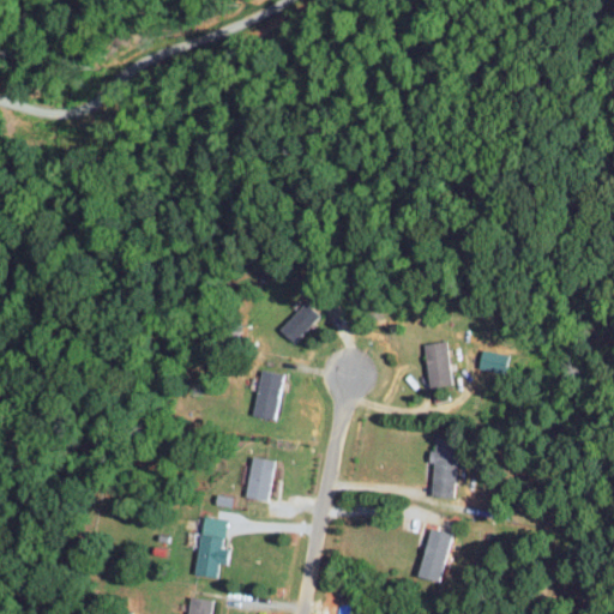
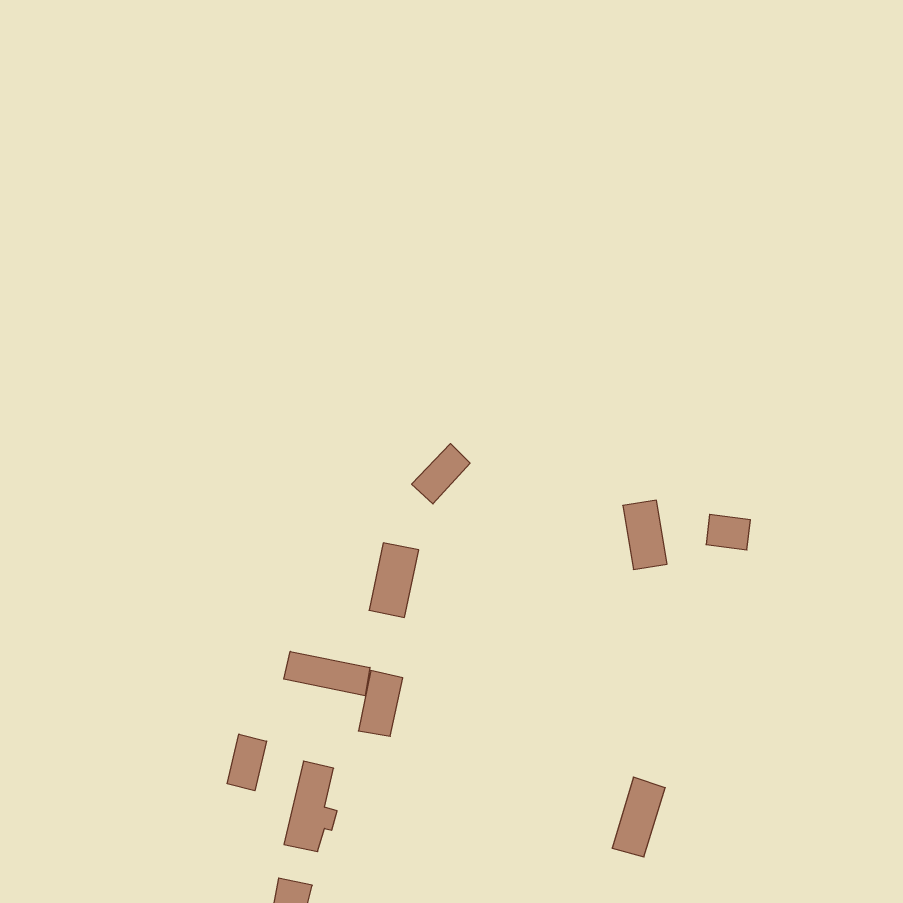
building: none -> [284,651,370,696]
building: [432,455,460,499] -> none
building: none -> [227,734,267,791]

